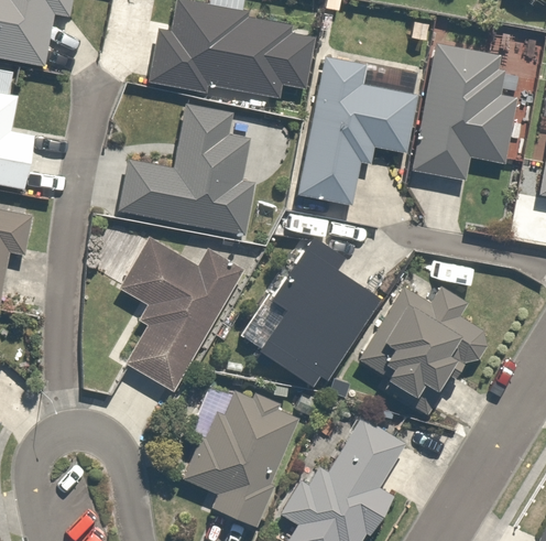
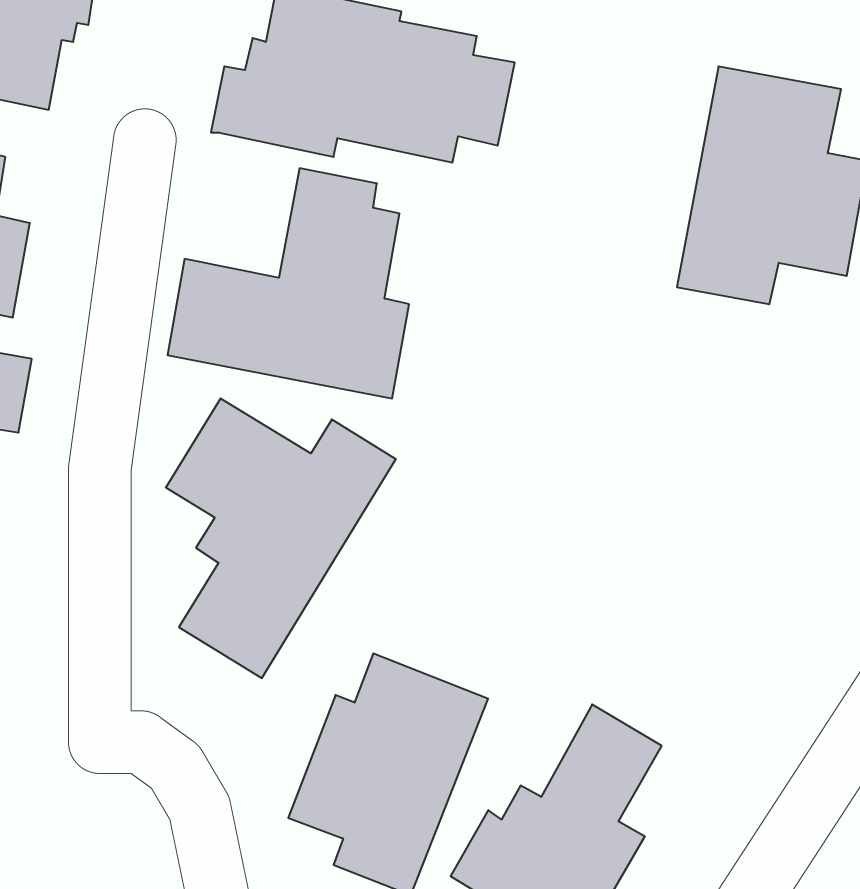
building: [299,58,418,208] -> none
building: [258,234,376,387] -> none
building: [352,285,491,414] -> none

